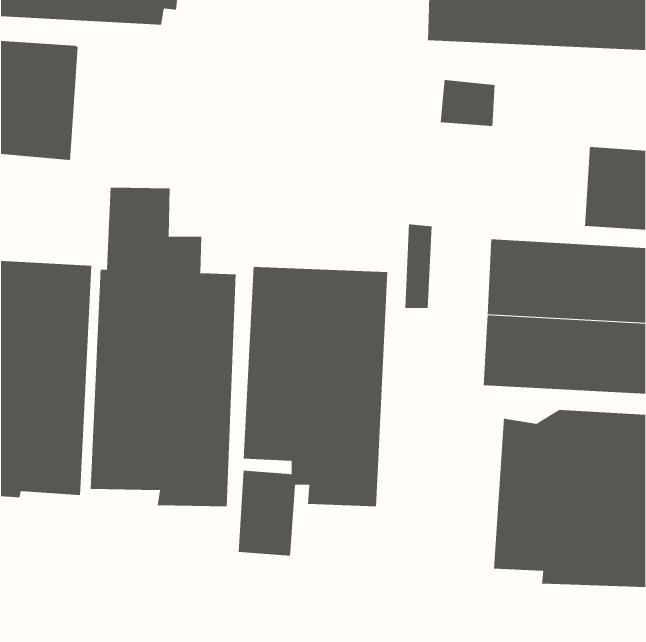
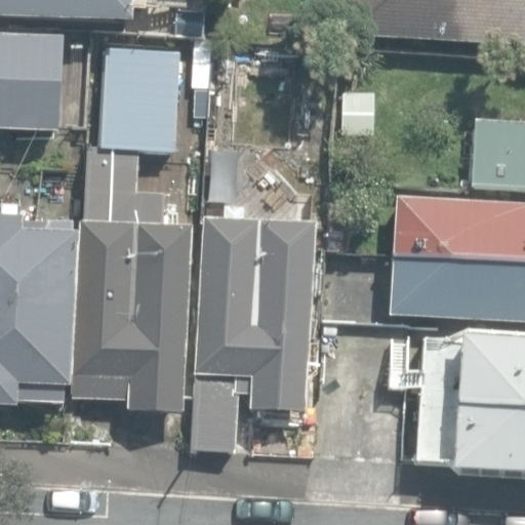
building: none -> [89,49,178,153]

